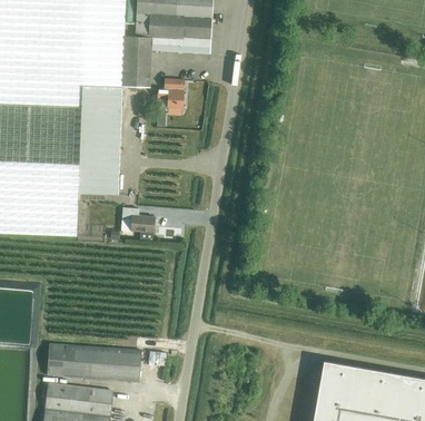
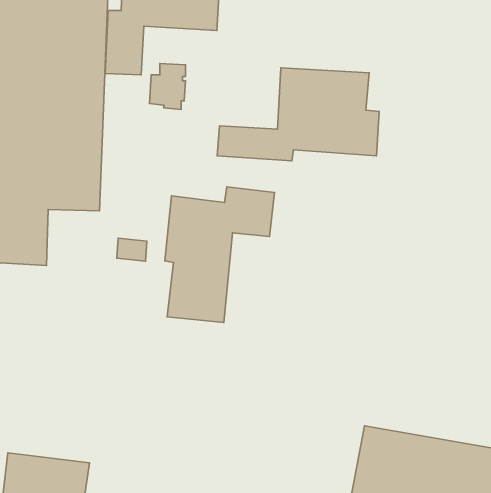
building: none -> [217,68,379,161]
building: none -> [165,187,274,323]
building: [46,343,141,381] -> none

